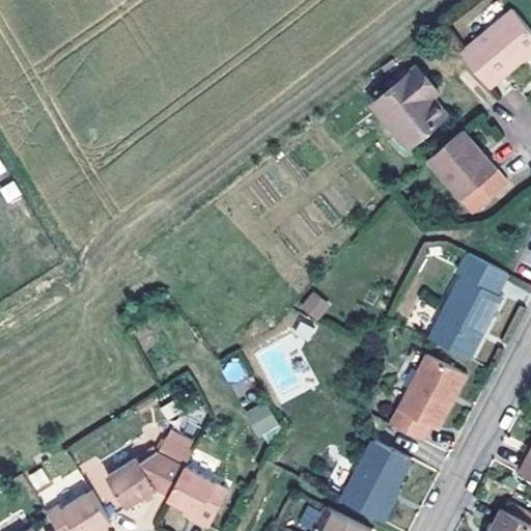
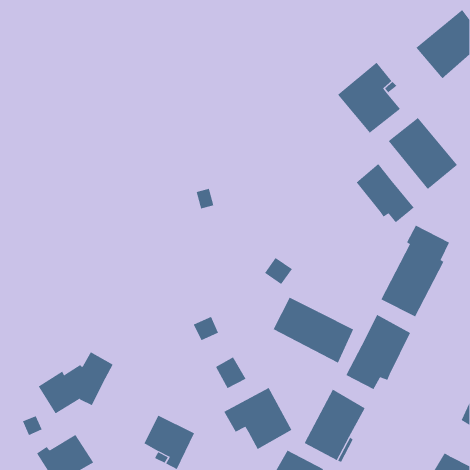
building: none -> [356,163,415,223]
building: none -> [273,297,354,363]
building: none -> [224,387,292,450]
building: [101,438,186,508] -> [38,351,113,414]

